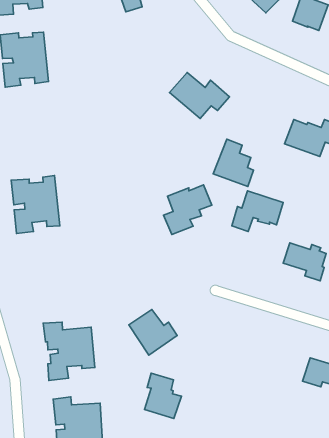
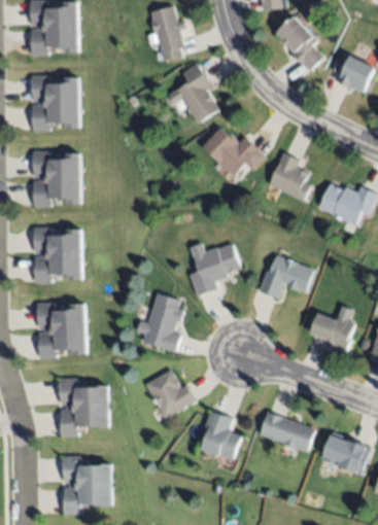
building: none -> [167,64,218,125]
building: none -> [31,151,79,206]
building: [213,139,254,187] -> [267,151,309,202]
building: none -> [136,292,184,353]
building: none -> [37,301,85,359]
building: none -> [259,412,312,451]
building: [145,373,181,418] -> [200,411,239,459]

